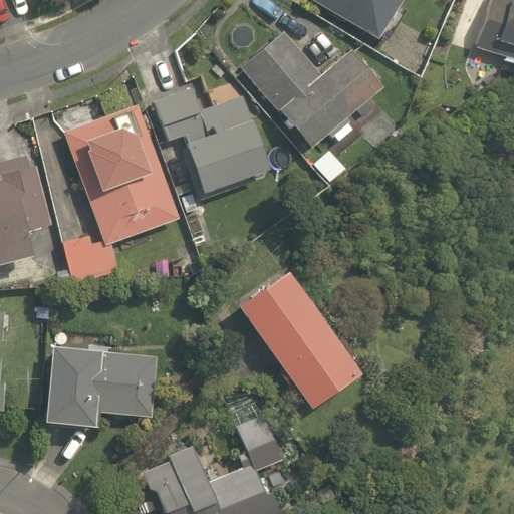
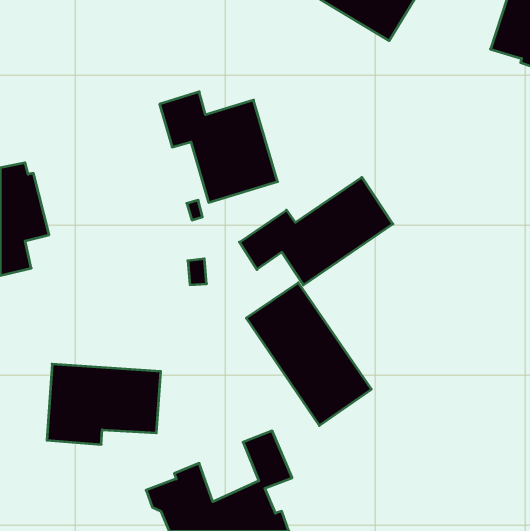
building: [241,31,379,148] -> none
building: [62,104,179,282] -> none
building: none -> [239,177,393,285]

